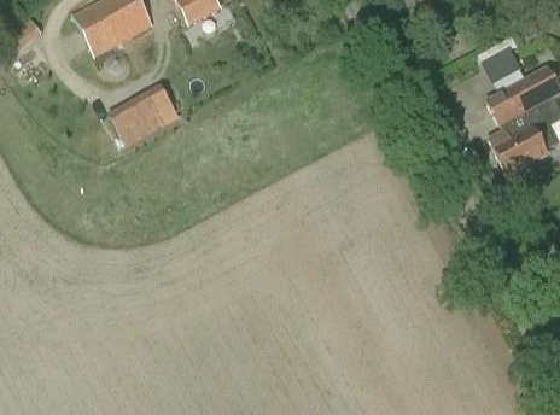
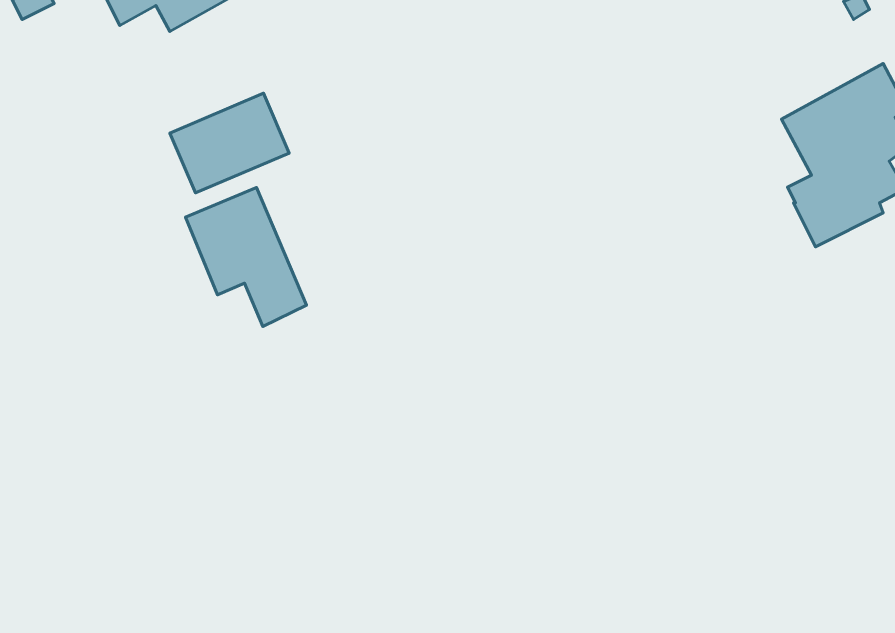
building: [482,46,520,82] -> none
building: none -> [185,188,307,326]

